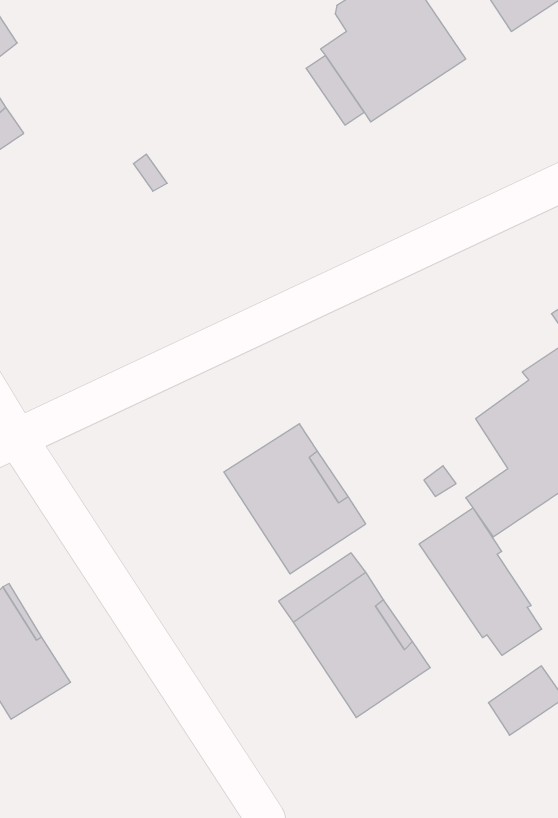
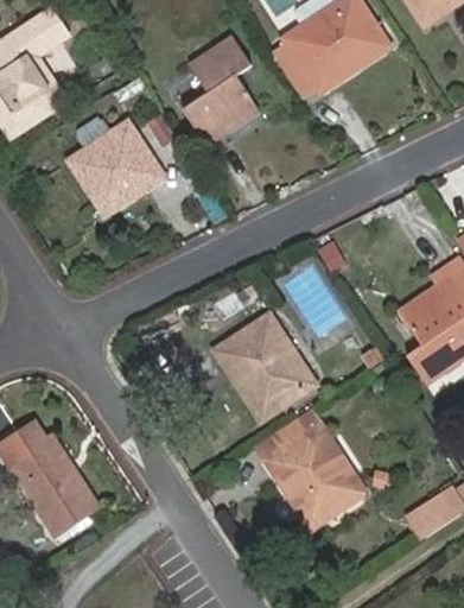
building: none -> [184,34,260,145]
building: none -> [68,116,164,215]
building: [419,508,542,655] -> none

